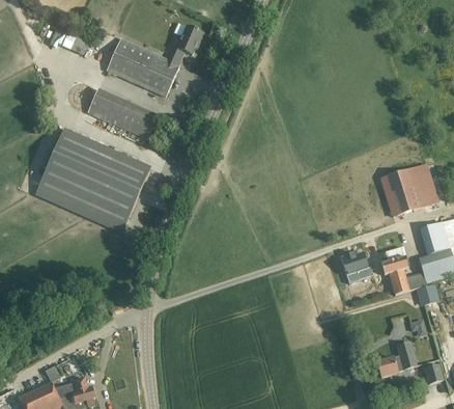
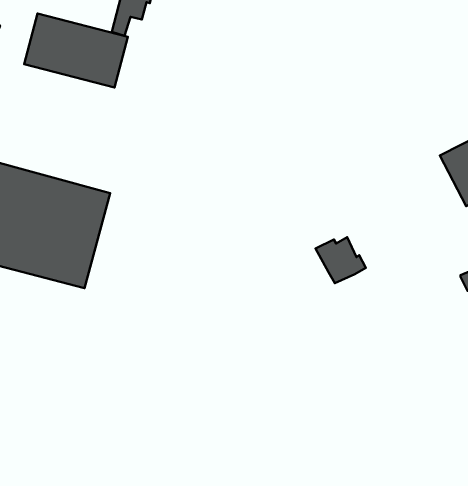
building: [88,88,159,138] -> none
building: [341,252,373,282] -> [316,237,366,283]

